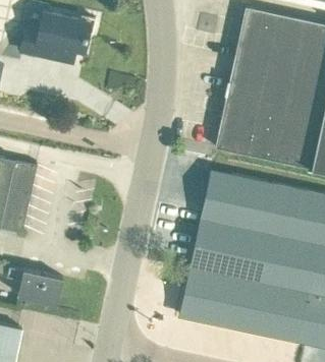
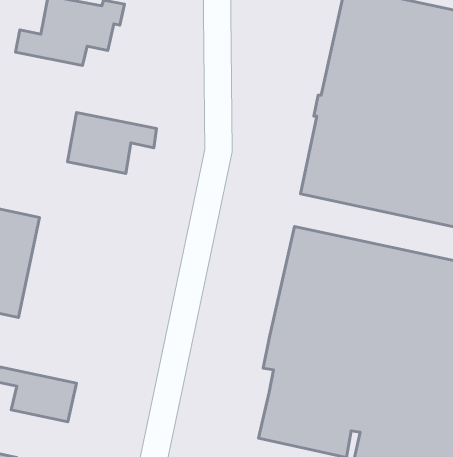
building: none -> [67,112,156,173]

